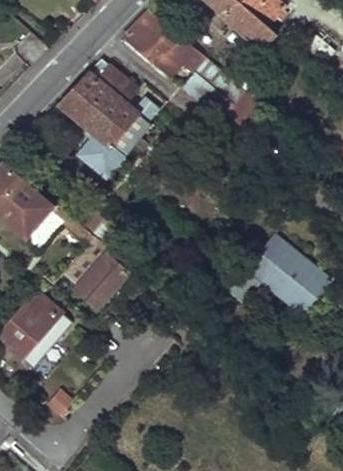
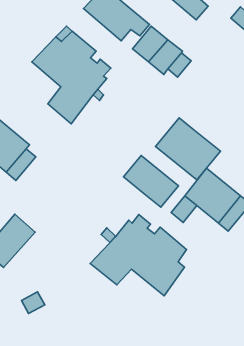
building: none -> [156,118,221,180]
building: none -> [123,156,178,207]
building: [79,254,128,305] -> none
building: none -> [90,214,187,296]

